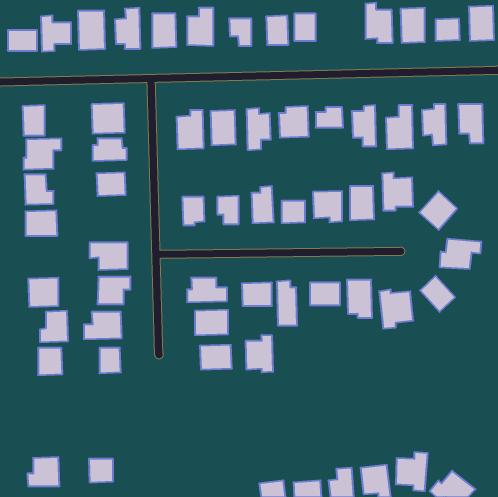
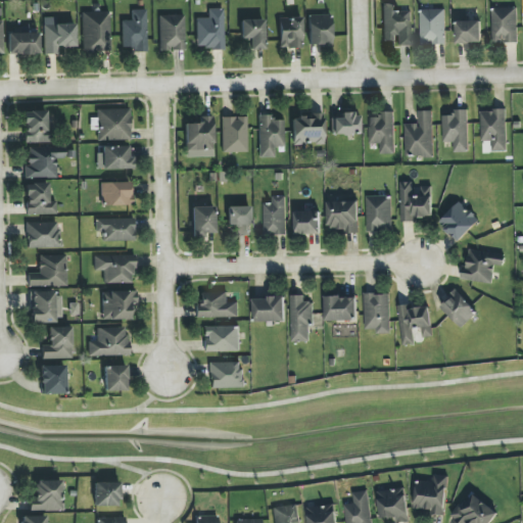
building: none -> [95,218,135,240]
building: none -> [28,254,66,286]
building: [246,335,273,373] -> none

